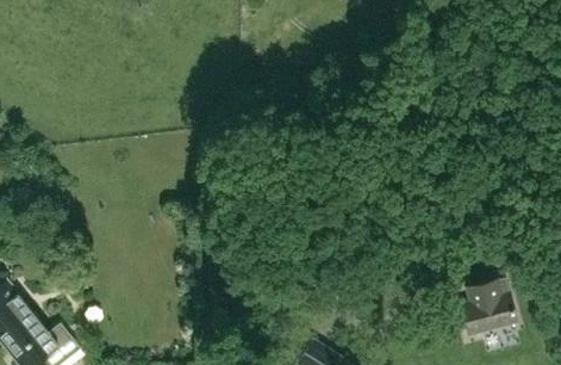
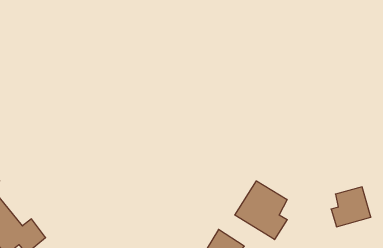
building: none -> [235,181,287,240]

